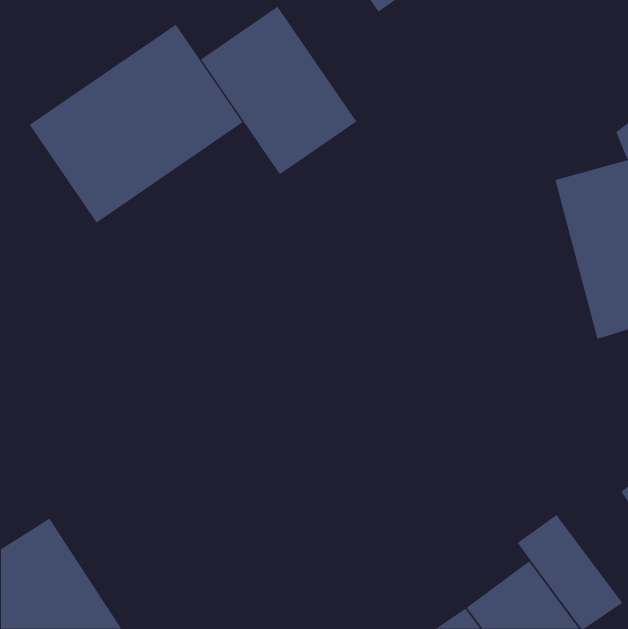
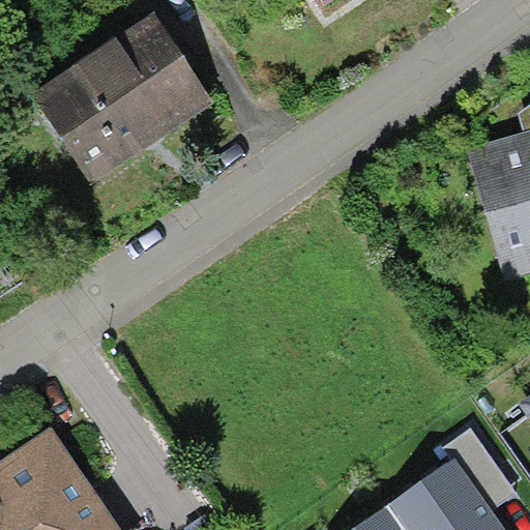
building: [200,6,357,175] -> none

